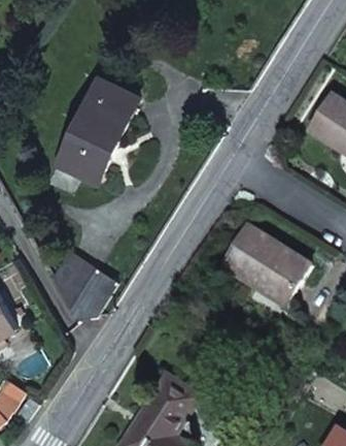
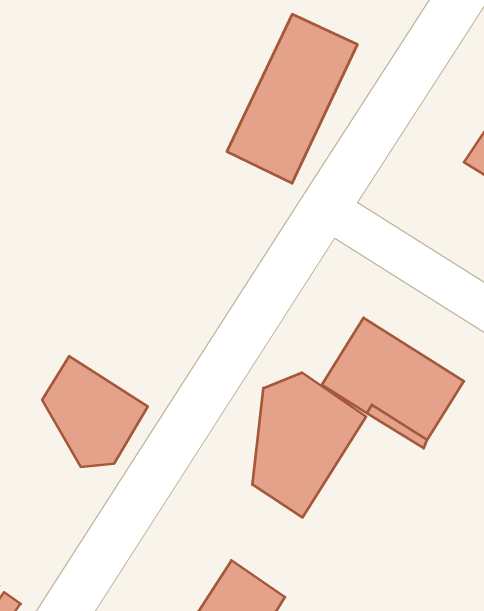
building: [58,77,138,182] -> [227,14,357,183]
building: none -> [252,373,366,517]

